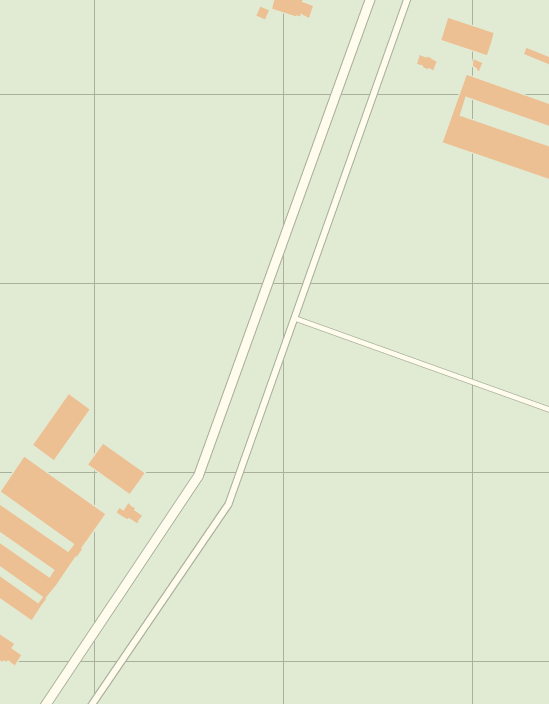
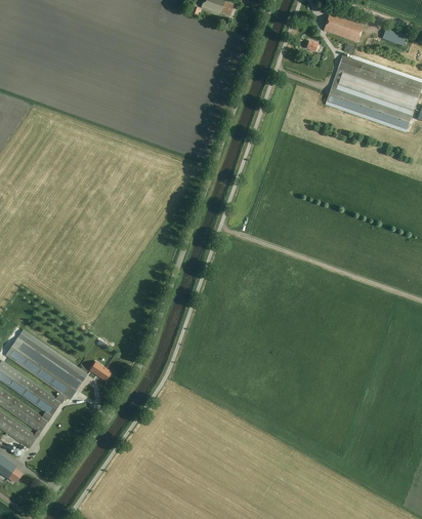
building: [32,393,90,461] -> none
building: [87,443,146,495] -> none

